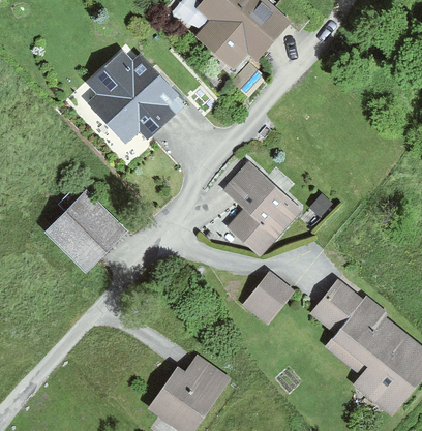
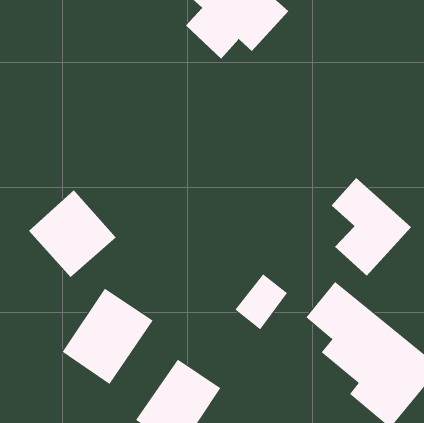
building: [85,43,181,142] -> none
building: [223,161,300,255] -> [331,177,412,276]
building: none -> [62,288,154,385]

